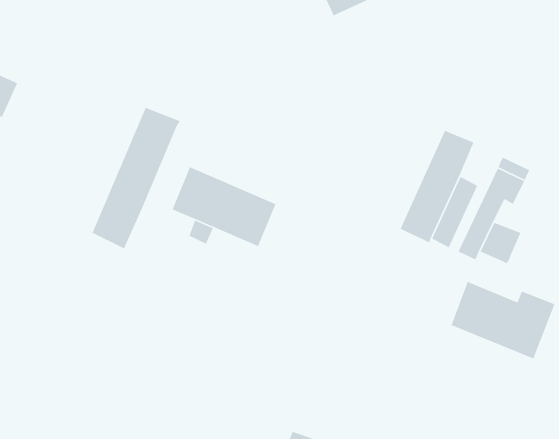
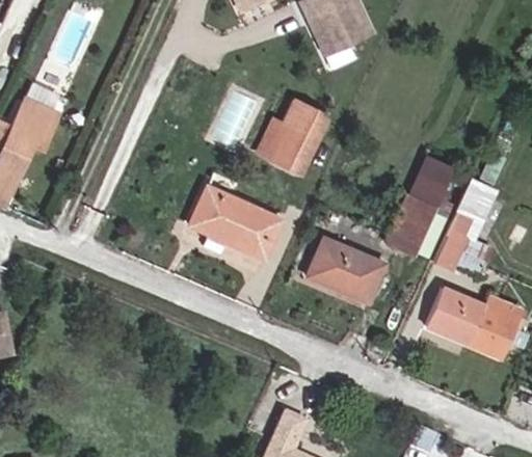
building: none -> [258,102,323,170]
building: [91,107,181,249] -> none
building: none -> [304,237,382,299]

